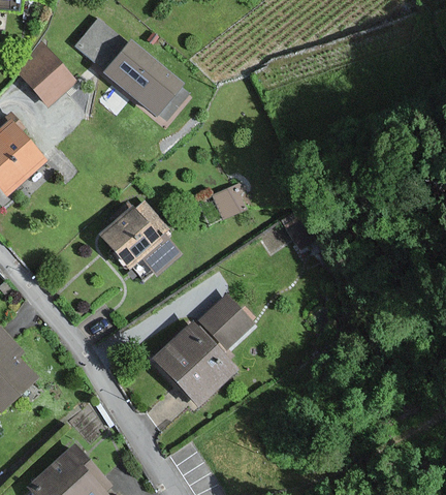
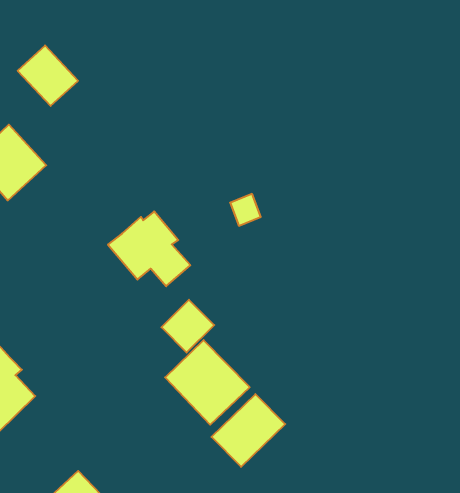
building: [77,21,182,114] -> none
building: [202,297,252,346] -> [161,300,214,353]
building: none -> [211,394,285,467]

